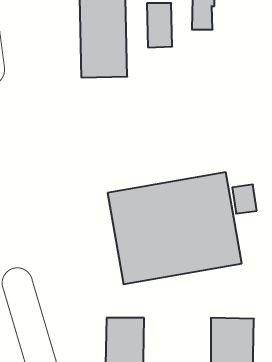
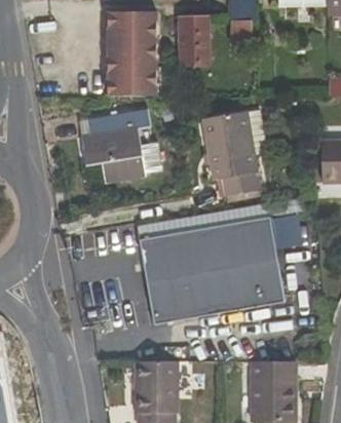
building: none -> [81,111,148,183]
building: none -> [200,112,260,196]

